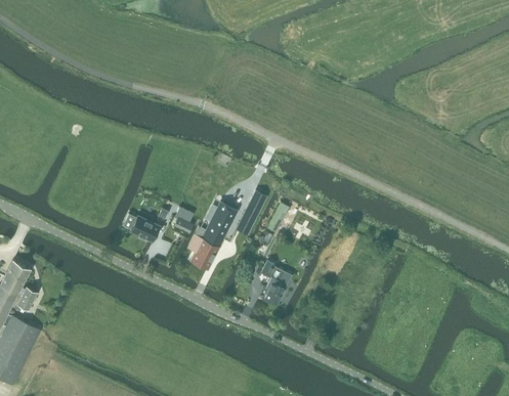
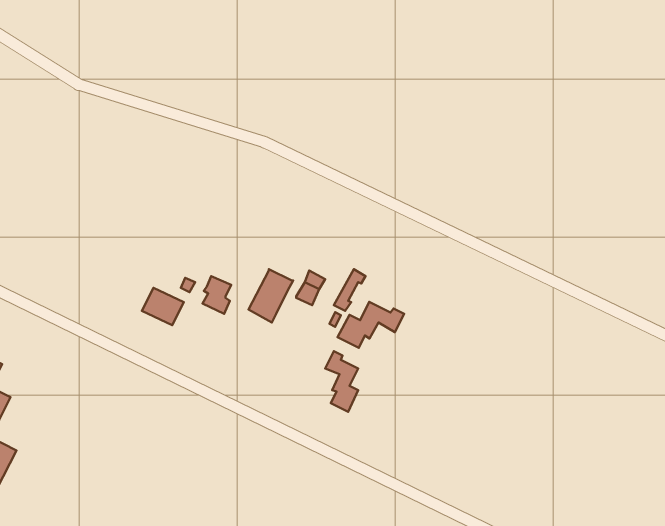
building: none -> [337,302,404,348]
building: [188,233,219,267] -> none

